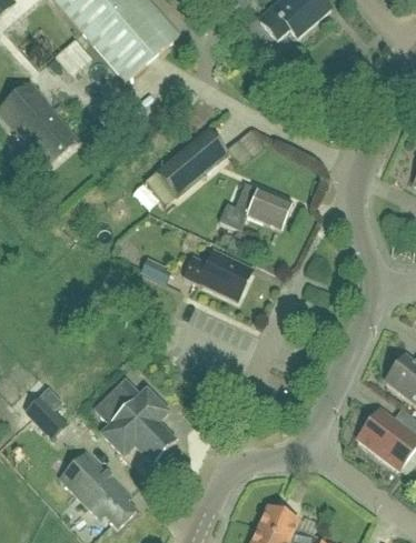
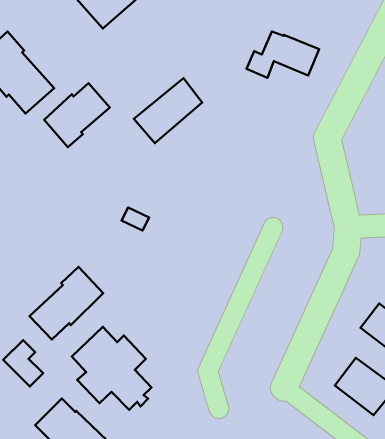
building: none -> [44,83,110,147]
building: [219,183,293,230] -> [246,31,319,78]
building: [184,250,251,298] -> none
building: none -> [30,267,103,340]

